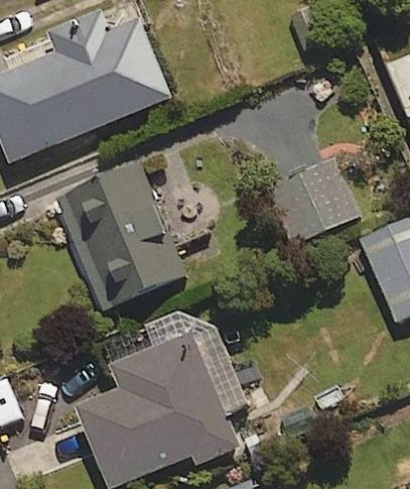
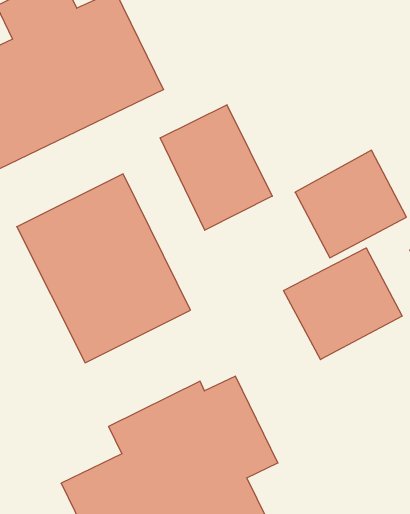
building: none -> [160,105,272,230]
building: none -> [284,248,402,360]

